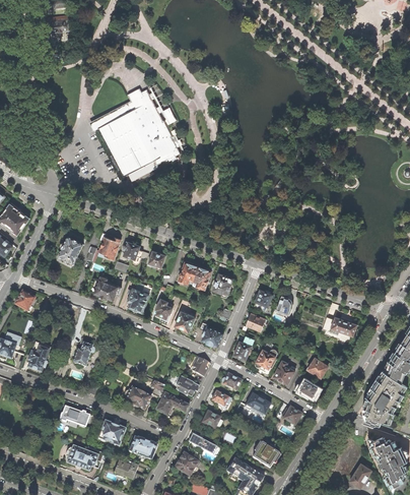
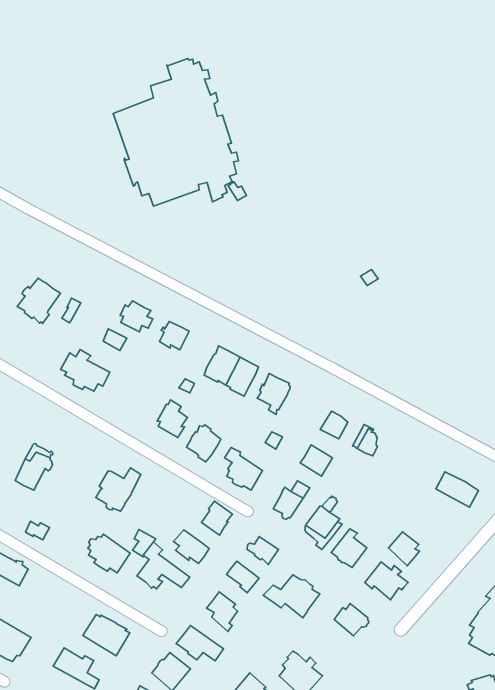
building: [97,232,121,259] -> none
building: [126,284,151,311] -> [96,468,141,511]
building: [98,420,126,445] -> none

